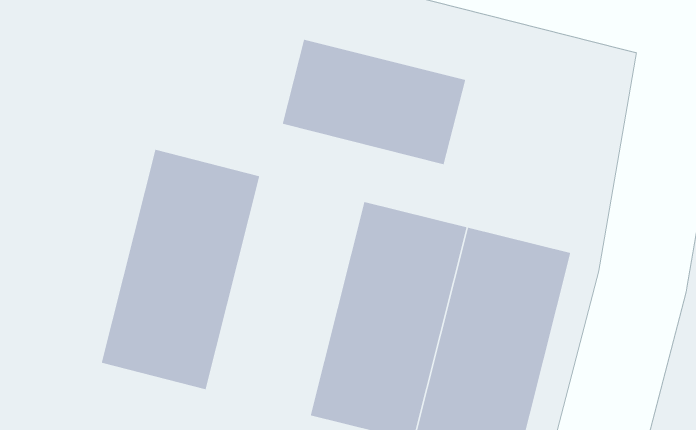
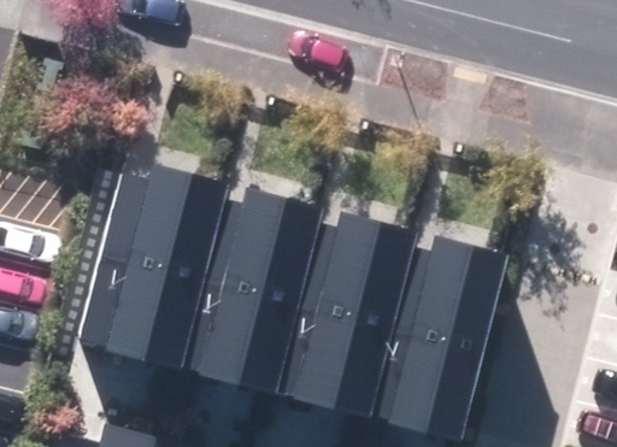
building: [282,39,466,165] -> none
building: none -> [189,193,323,396]

